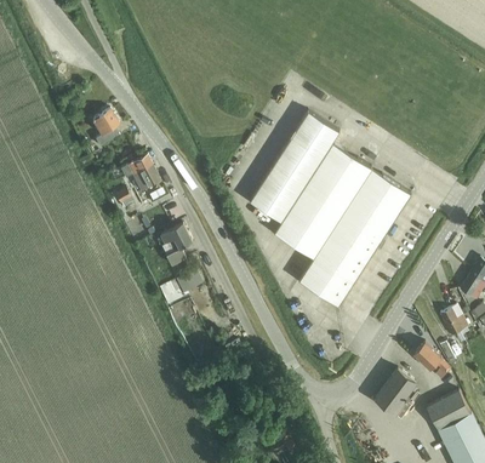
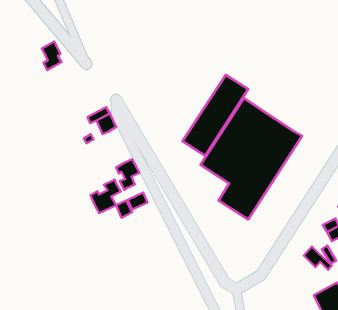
building: [93,109,120,148] -> [42,41,61,70]
building: none -> [90,180,121,213]
building: [375,370,416,418] -> none

